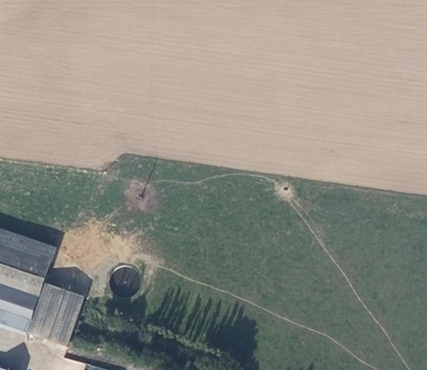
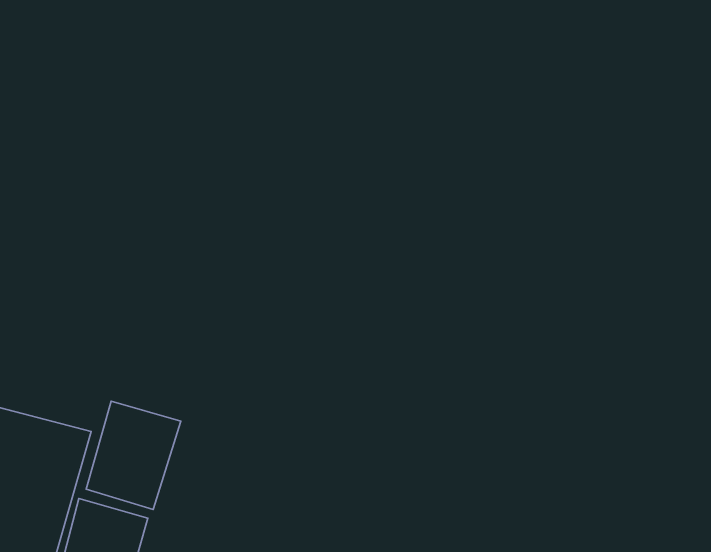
building: none -> [86,401,181,509]

